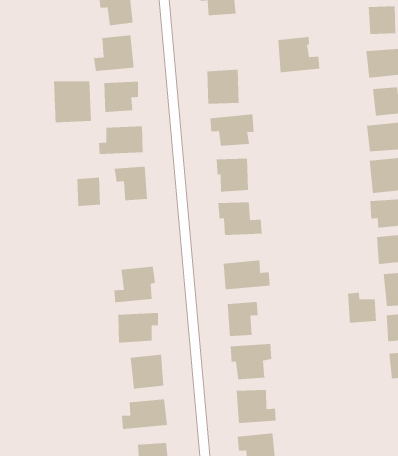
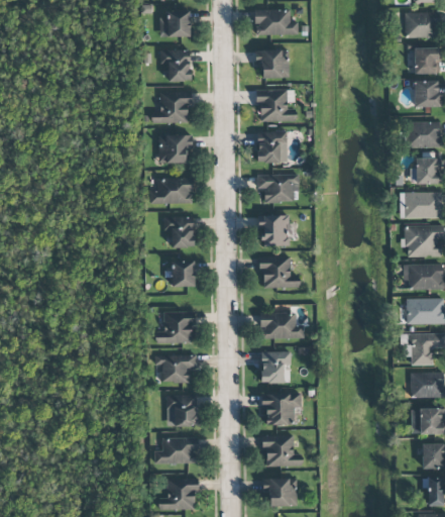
building: [278,37,320,73] -> [258,90,297,122]
building: [53,80,91,123] -> none
building: [77,177,101,207] -> [172,261,195,287]
building: [348,292,377,323] -> none

